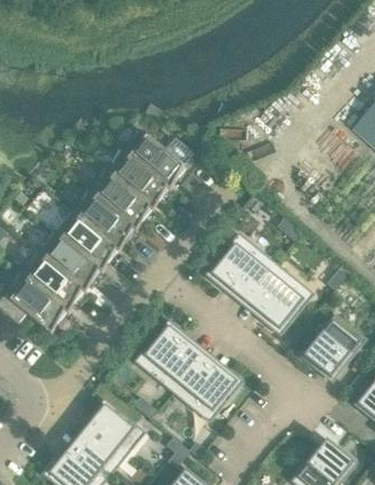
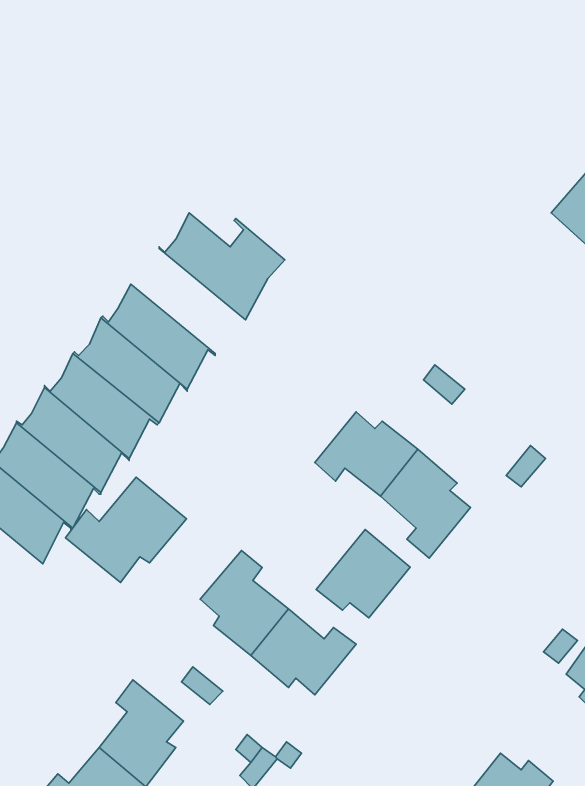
building: [102,149,170,211] -> none
building: none -> [65,477,186,582]
building: [303,322,358,374] -> [316,530,410,618]

